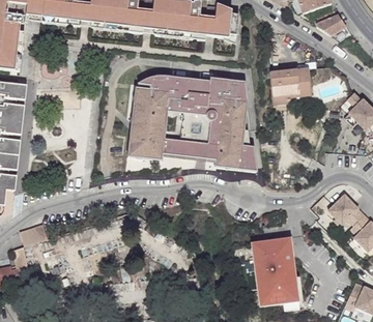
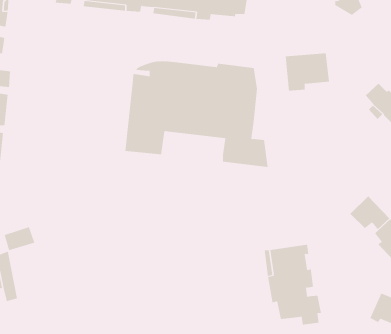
building: [162,139,217,159] -> none

